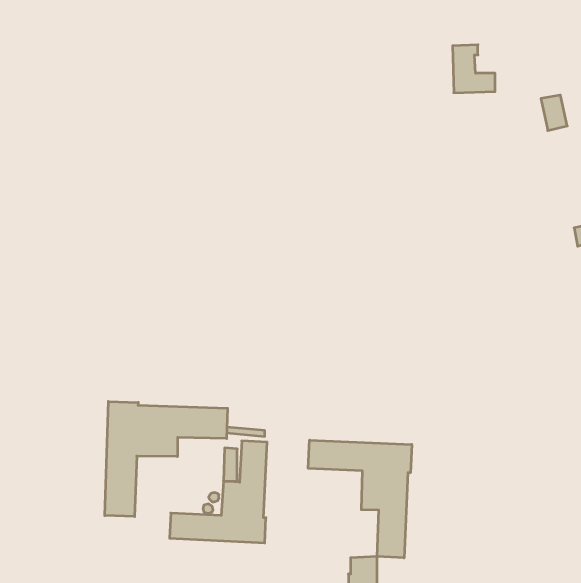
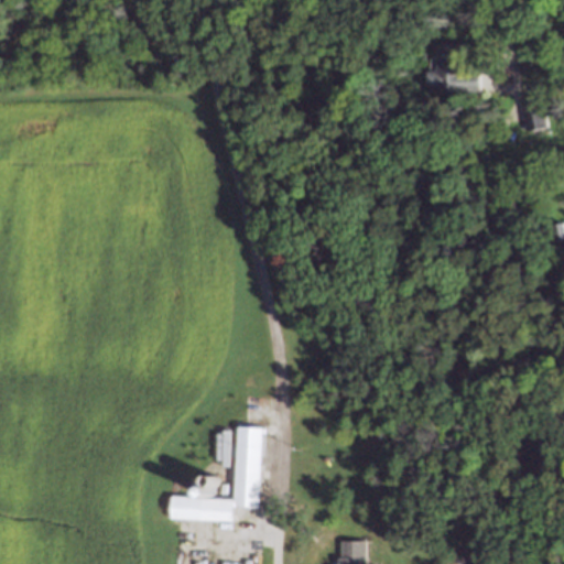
building: [105,401,228,517] -> none
building: [308,440,412,558] -> none

